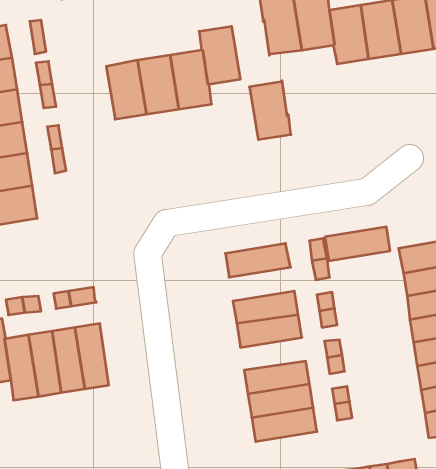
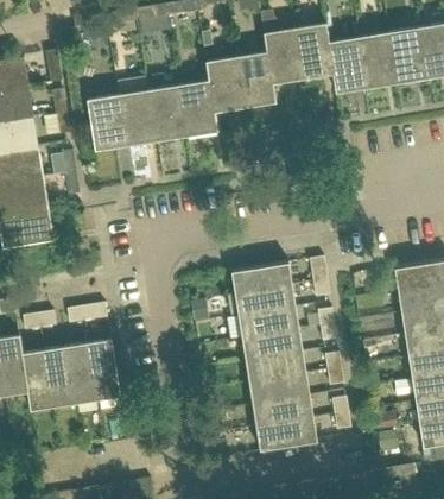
building: none -> [87,95,126,150]
building: [249,81,291,140] -> [236,51,275,107]
building: [325,227,390,261] -> [234,285,296,317]
building: none -> [245,352,306,383]

